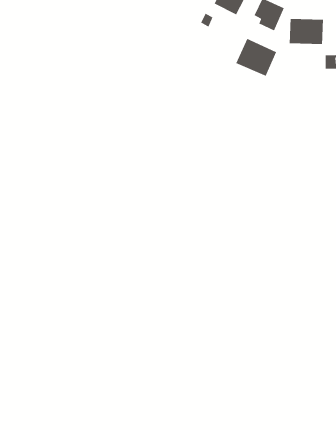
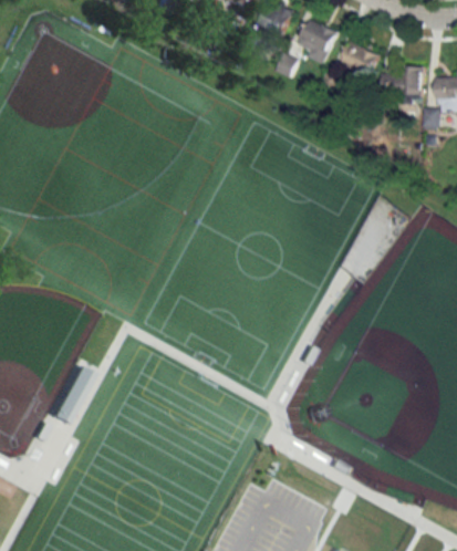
building: [235,38,277,77] -> none

